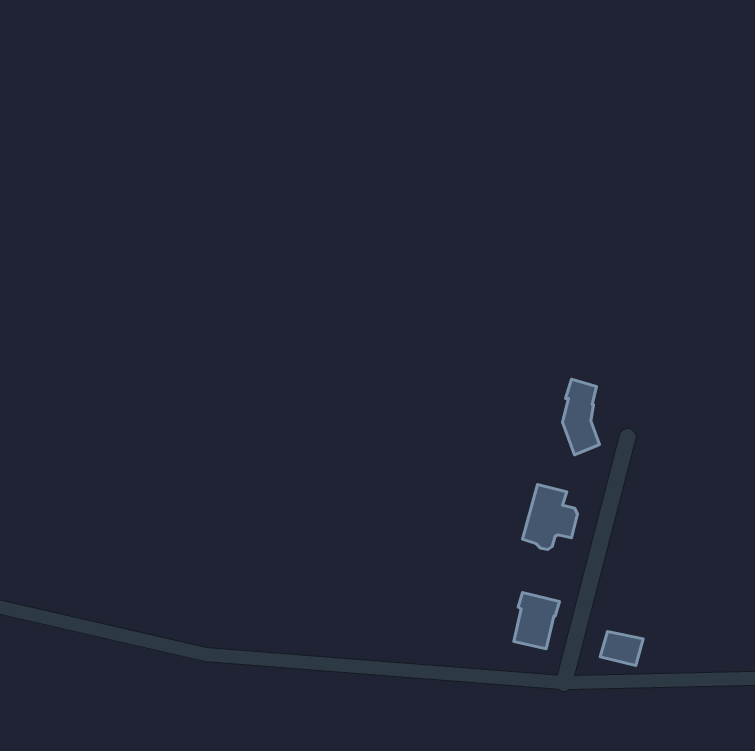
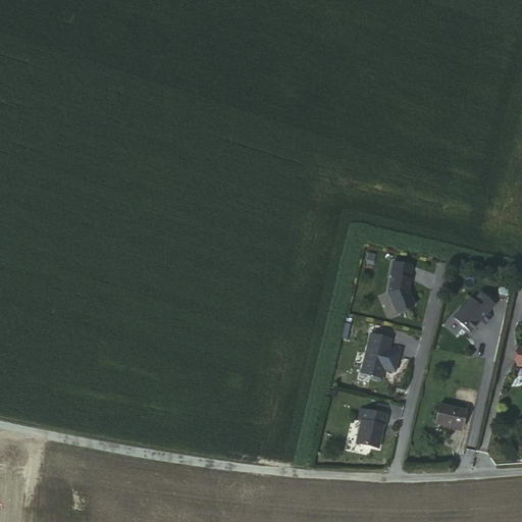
building: none -> [455,291,494,330]
building: [600,631,643,666] -> [436,402,466,425]

